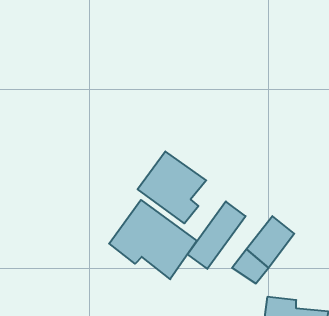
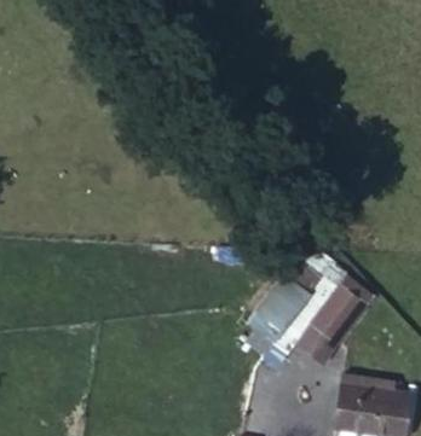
building: [138,151,206,223] -> none
building: [109,200,197,279] -> none

